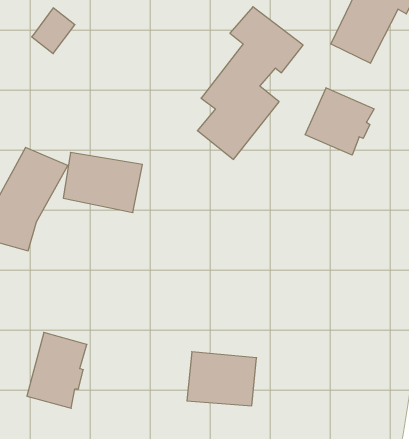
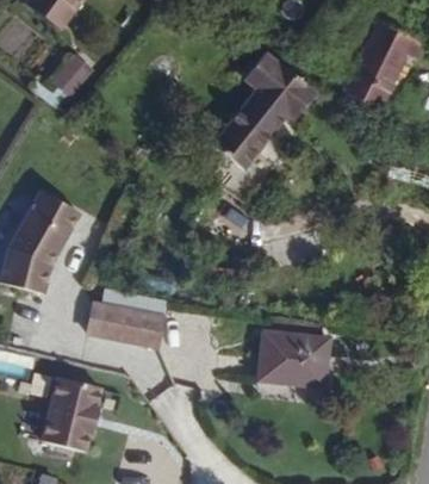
building: [305,88,374,155] -> none
building: [63,152,142,213] -> [88,287,167,347]
building: [187,352,257,406] -> [259,331,328,385]

